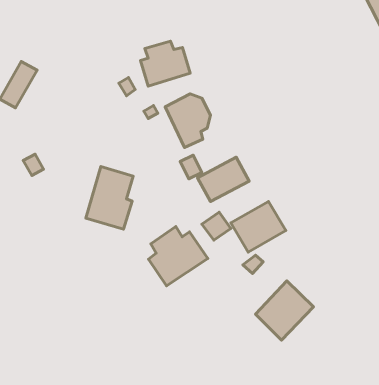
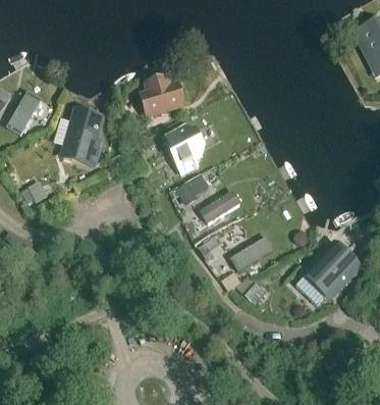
building: [86,167,133,229] -> [59,105,104,164]
building: [148,227,208,286] -> none
building: [256,281,314,340] -> [304,241,359,297]

